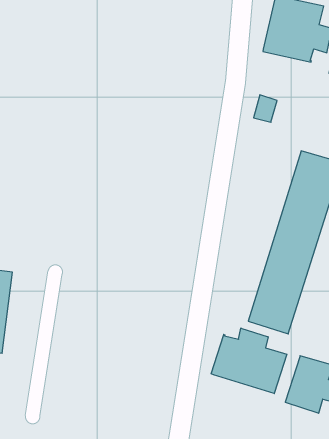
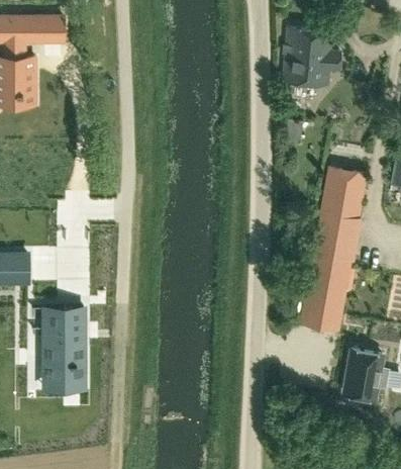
building: [211,328,287,394] -> none

